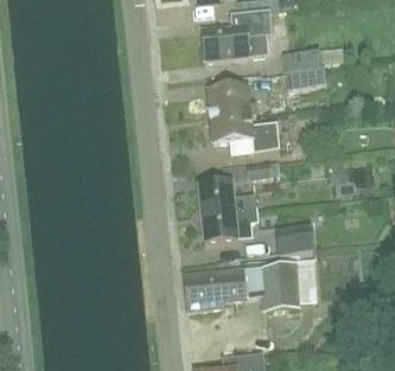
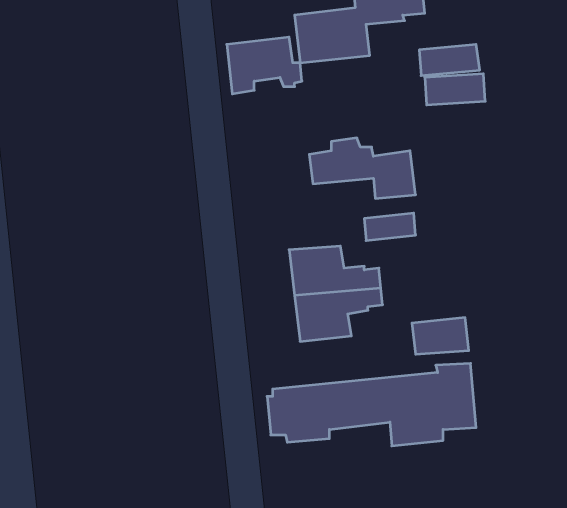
building: [206,84,255,121] -> [227,37,302,94]

